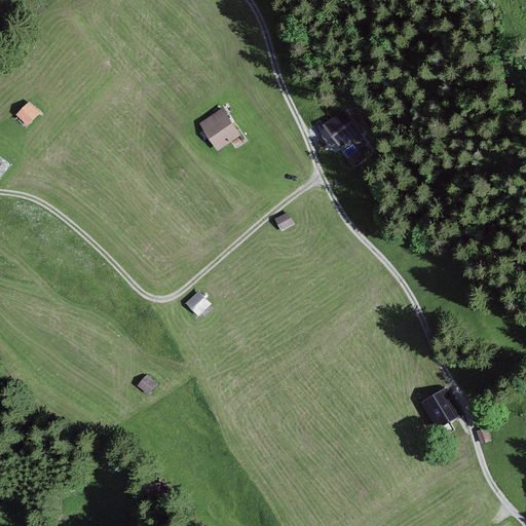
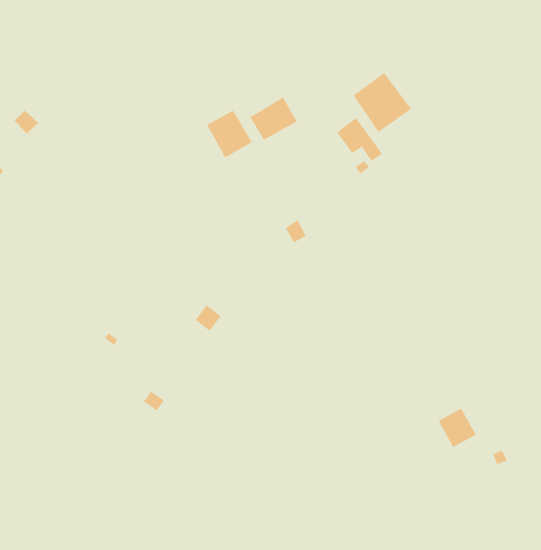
building: none -> [353,72,412,133]
building: none -> [250,97,298,141]

